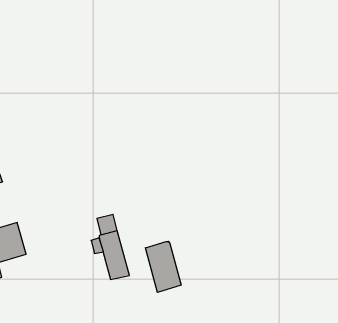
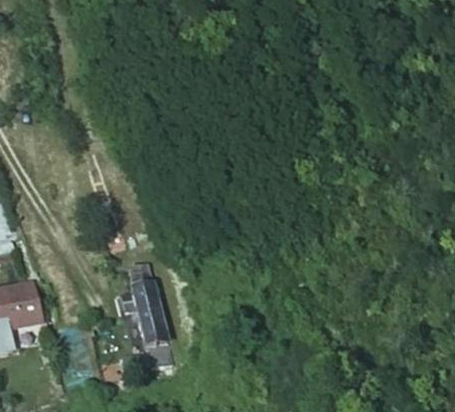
building: [145,241,181,292] -> none

